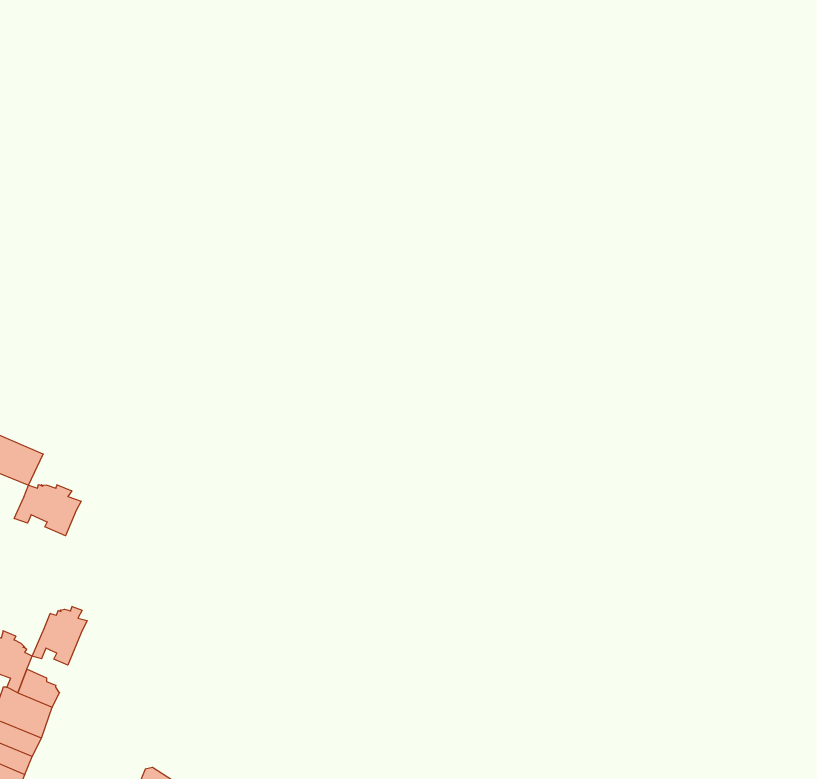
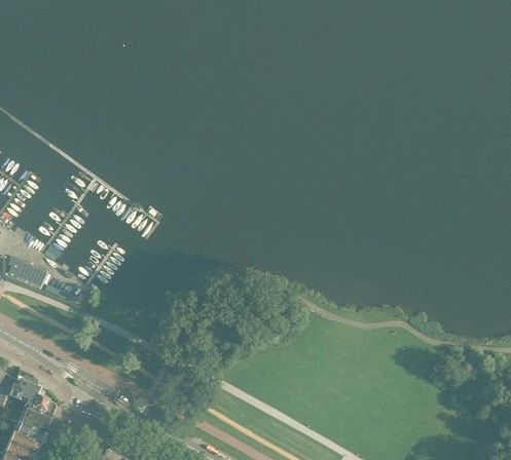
building: [14,485,81,536] -> none
building: [32,606,87,665] -> none

